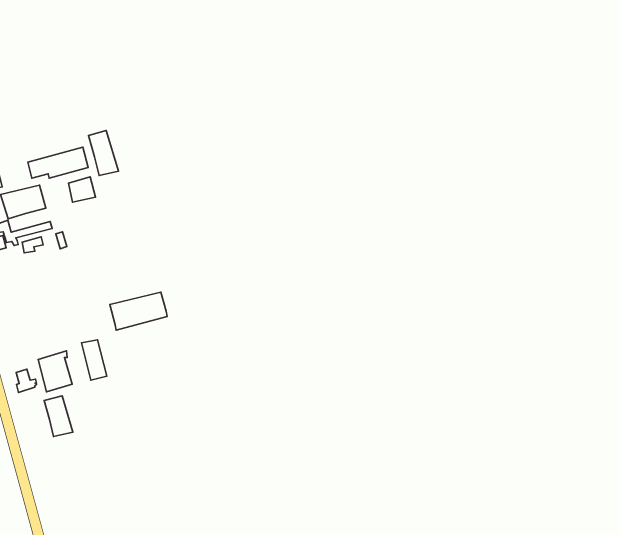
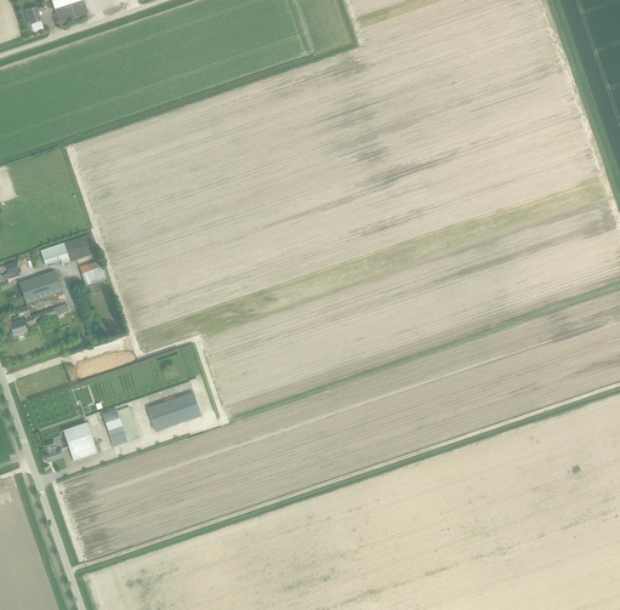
building: [88,131,119,176] -> none
building: [110,292,167,330] -> [148,392,201,429]
building: [44,396,73,436] -> none

